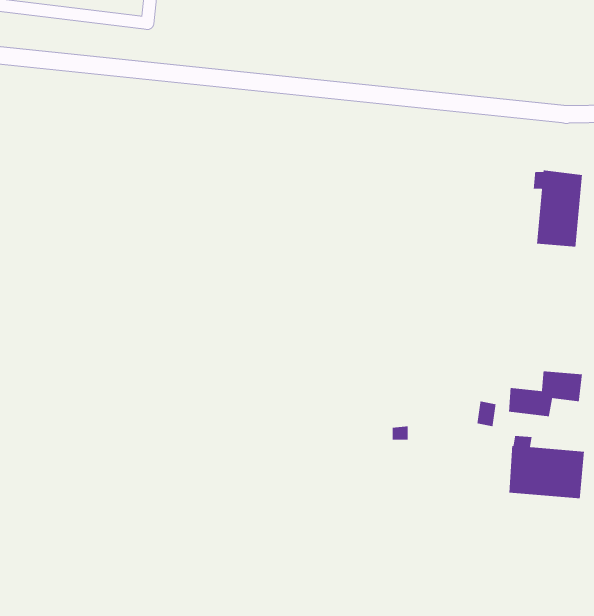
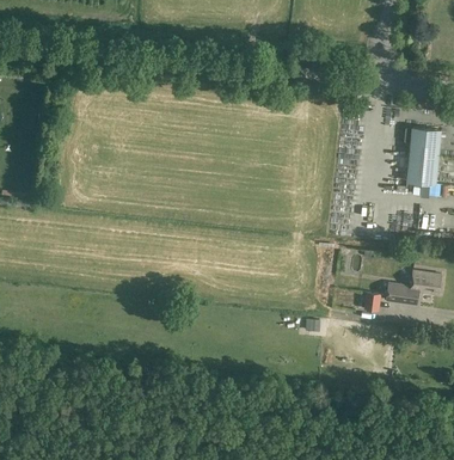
building: [509,435,585,499] -> none

